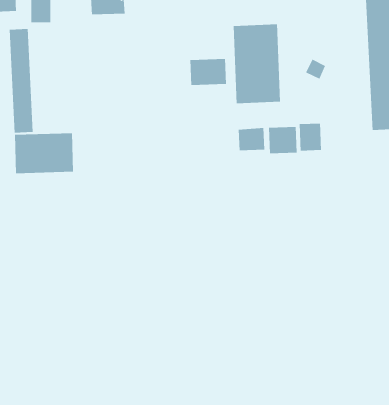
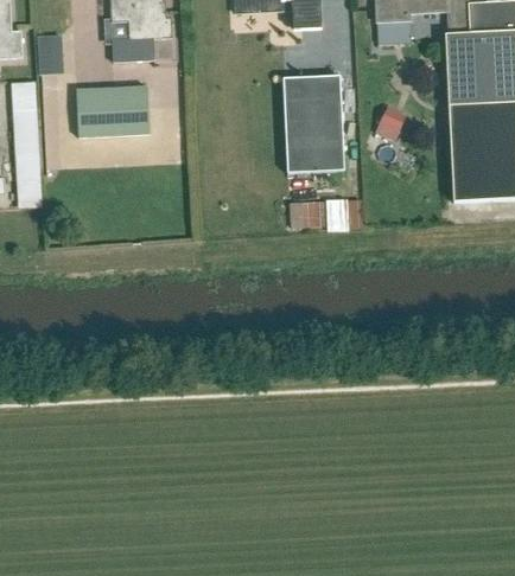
building: [190,58,227,86] -> none
building: [299,123,321,151] -> none
building: [14,133,74,174] -> [76,88,148,137]

